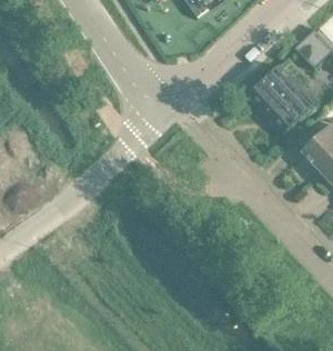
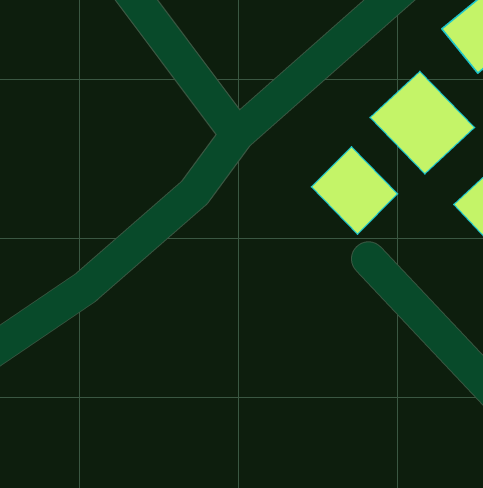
building: none -> [312,147,397,234]

